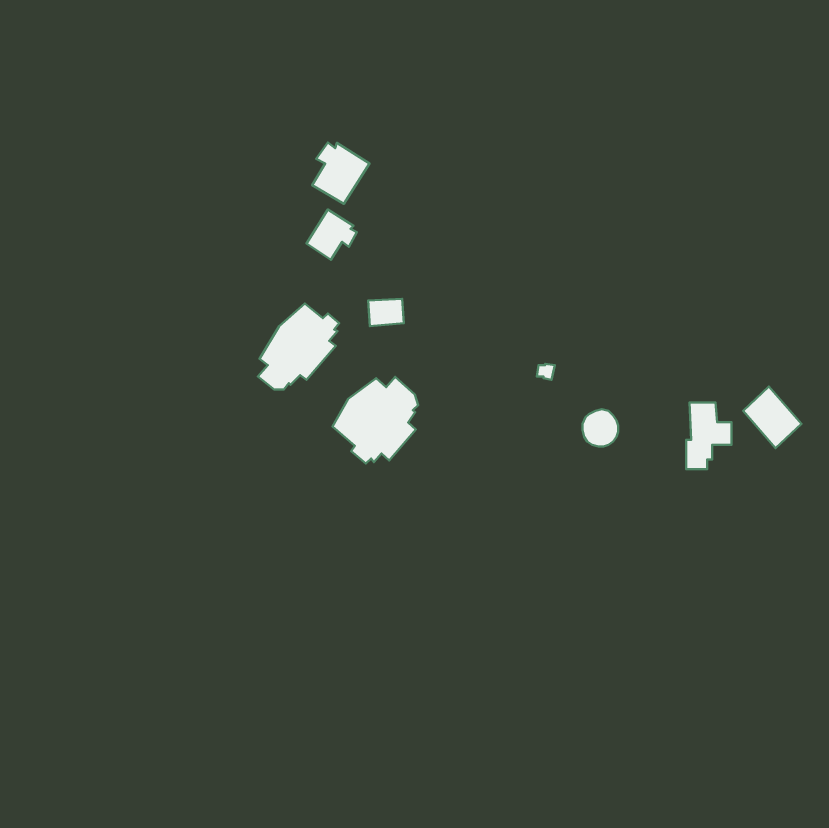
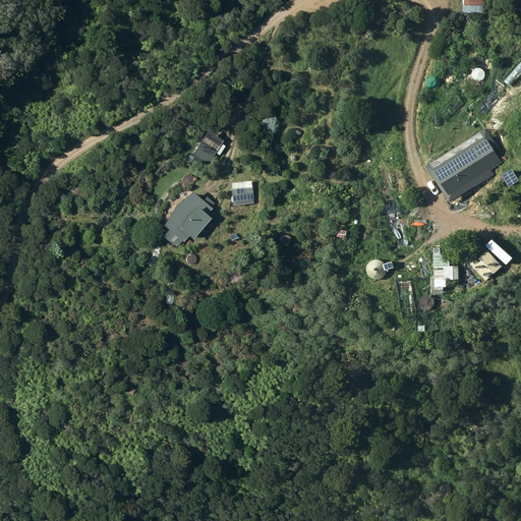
building: [312,143,370,204] -> none
building: none -> [430,128,511,199]
building: [333,377,418,464] -> none

